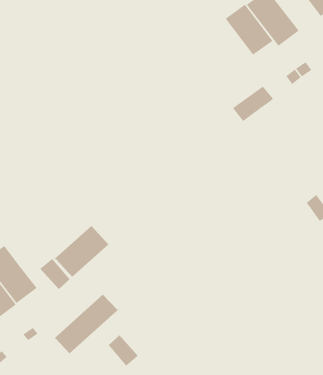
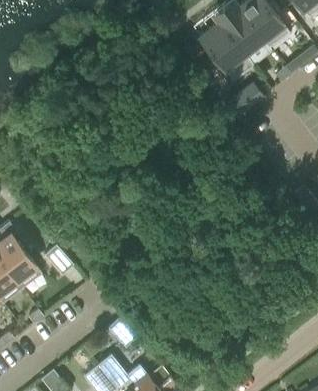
building: none -> [199,19,253,80]
building: [53,225,109,278] -> none
building: [54,294,120,354] -> none

